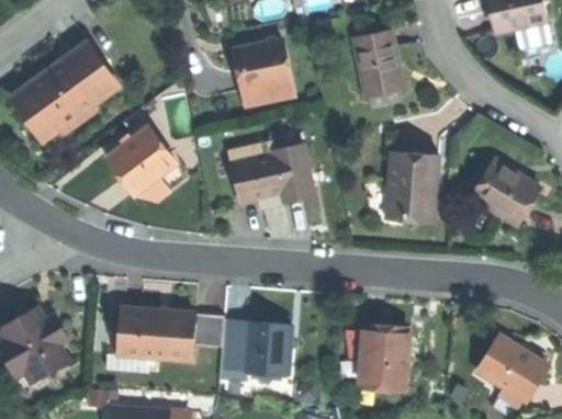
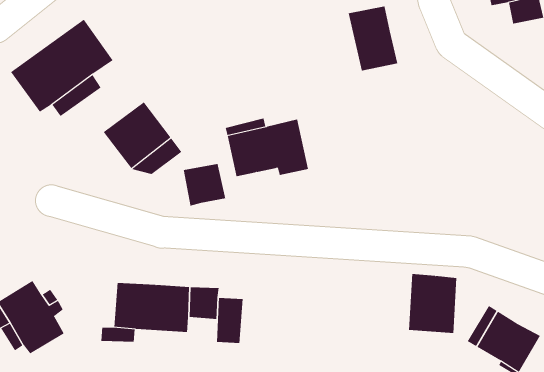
building: [238,39,289,90] -> none
building: [384,150,437,220] -> none
building: [471,159,536,222] -> none
building: none -> [183,163,226,207]
building: [244,321,290,372] -> none
building: [358,328,407,388] -> [408,273,457,333]

